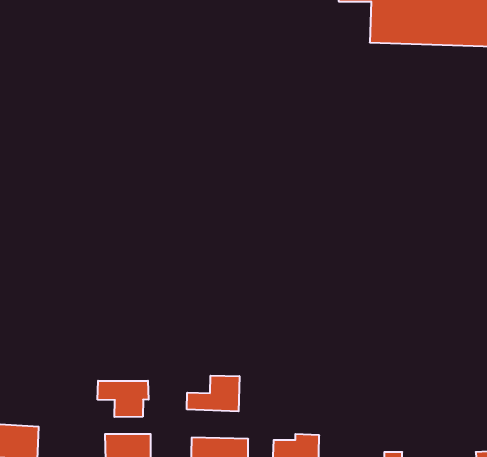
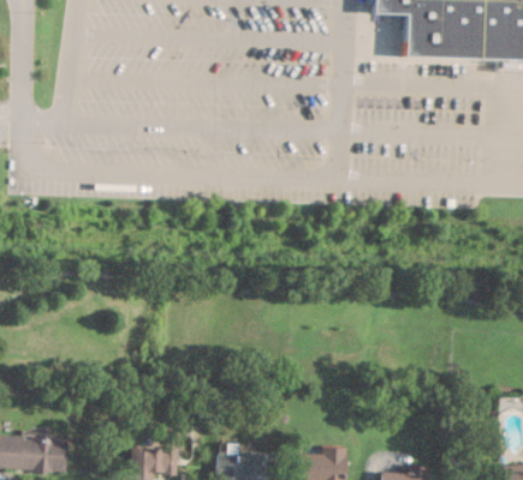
building: [187,376,239,411] -> none
building: [98,381,149,417] -> none

